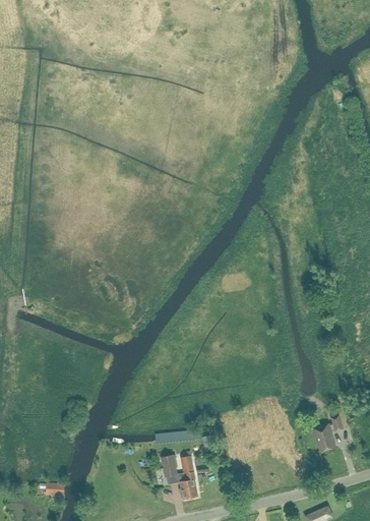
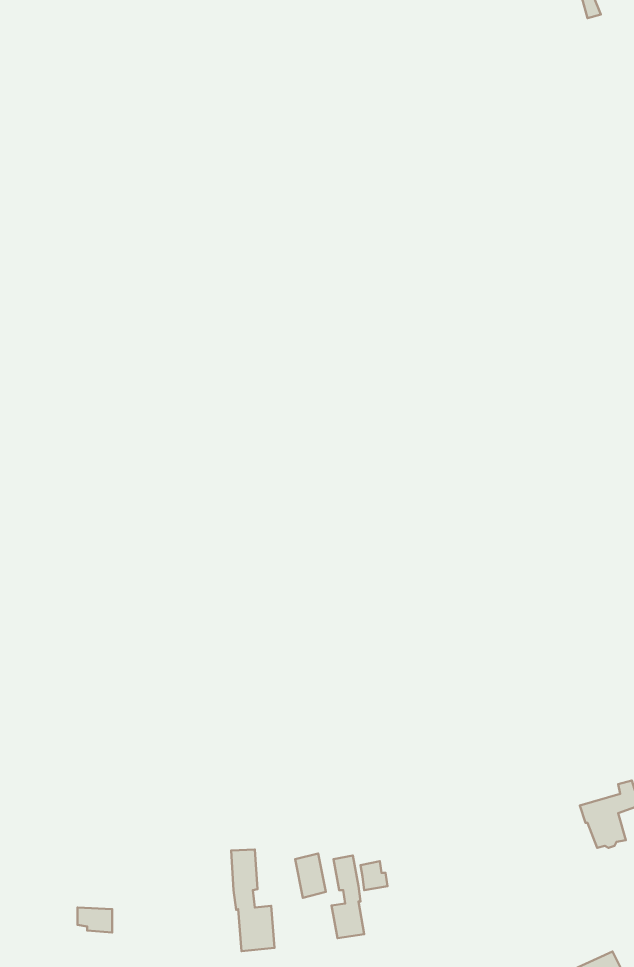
building: none -> [231,849,275,951]

